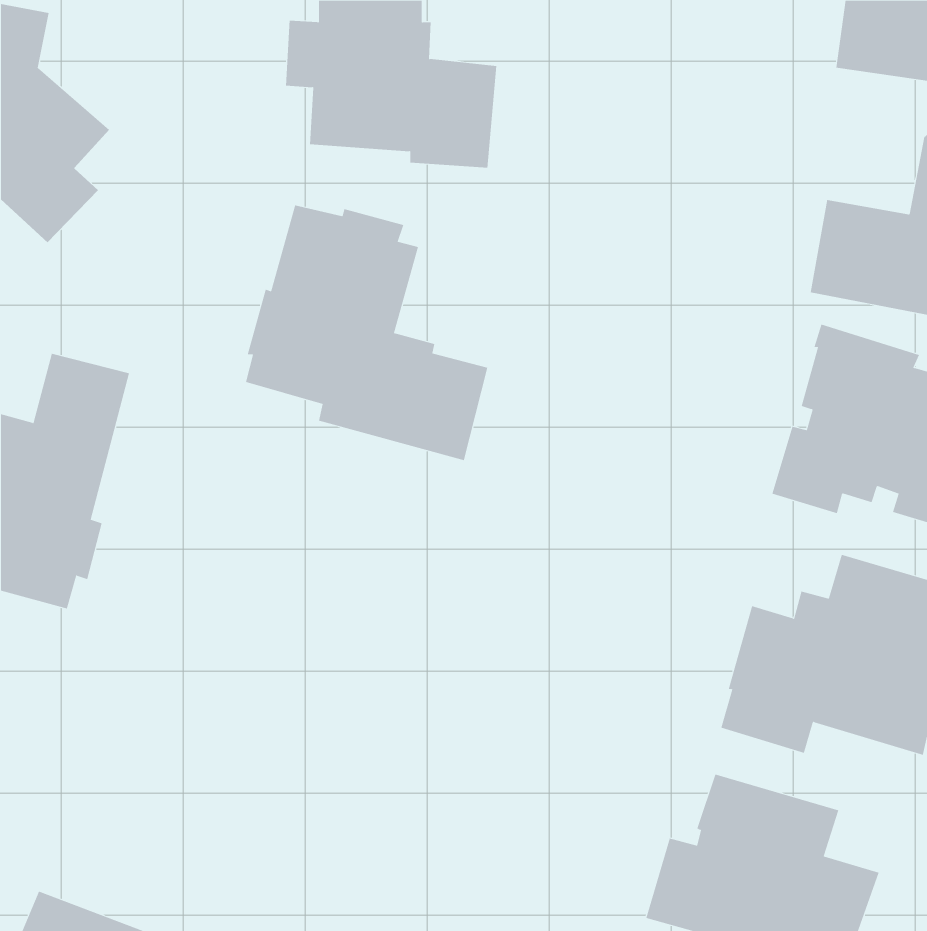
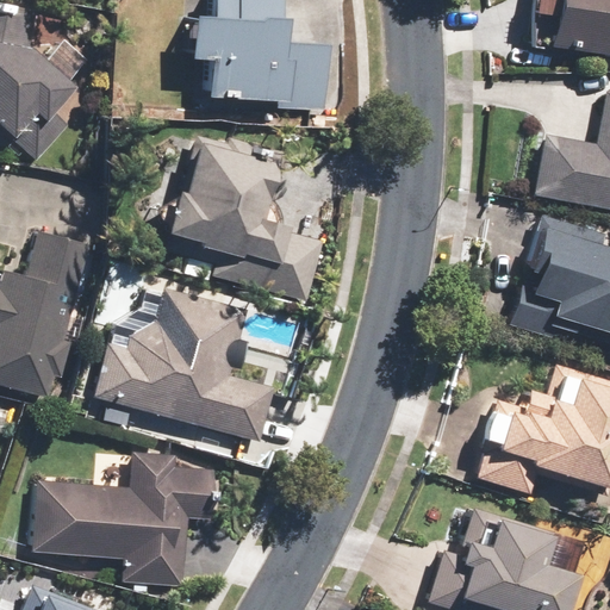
building: none -> [93,288,275,443]
building: none -> [30,453,213,586]

